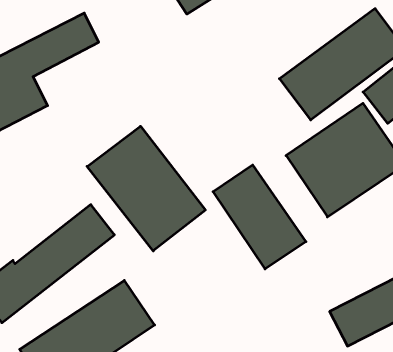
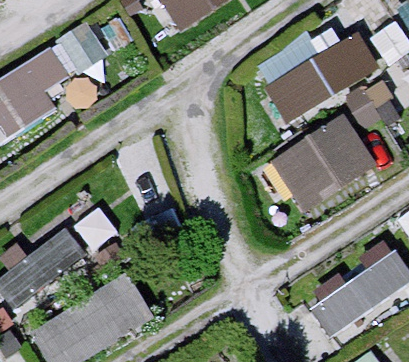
building: [87,126,205,251] -> none
building: [213,165,306,269] -> none

